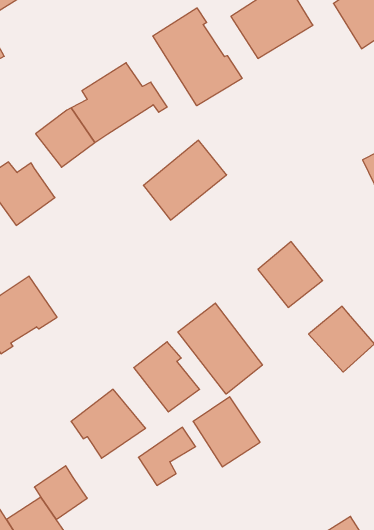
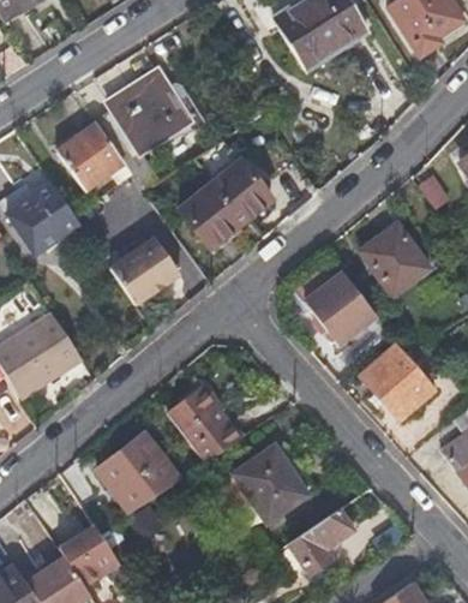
building: [153,8,242,106] -> none
building: none -> [360,222,428,293]
building: none -> [109,237,179,304]
building: [178,303,262,394] -> none
building: [138,427,196,485] -> [288,509,352,574]

